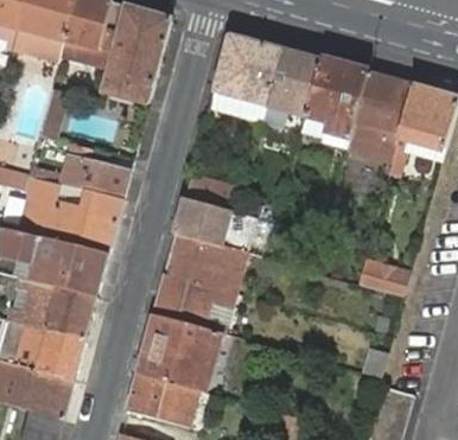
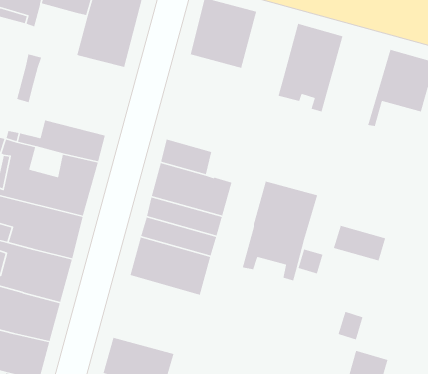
building: [262,46,322,121] -> none
building: [346,71,414,161] -> none
building: none -> [242,181,318,281]
building: [136,312,220,393] -> none

